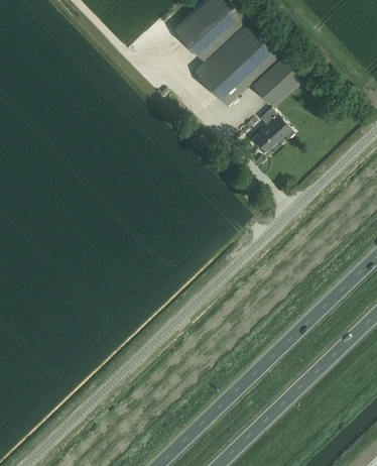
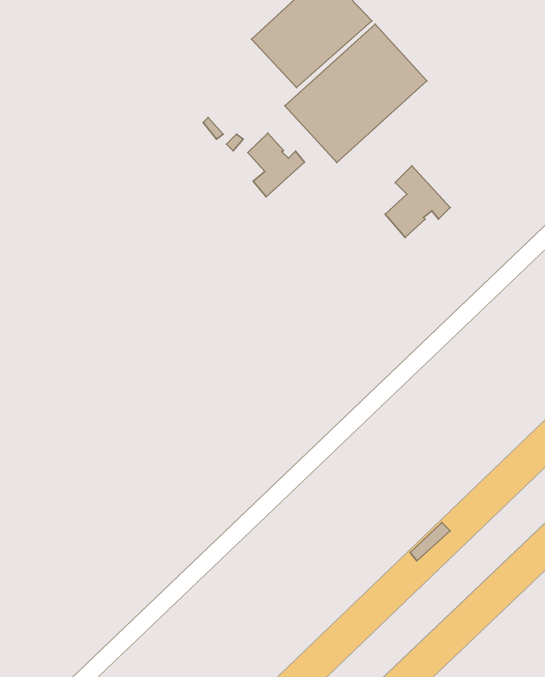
building: [250,57,301,109] -> none
building: none -> [248,133,304,197]

